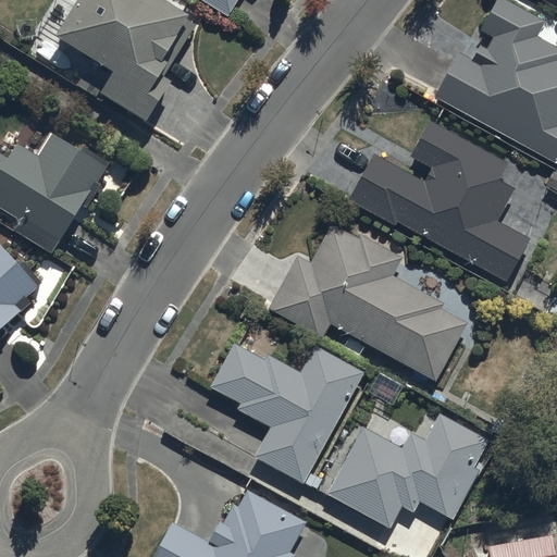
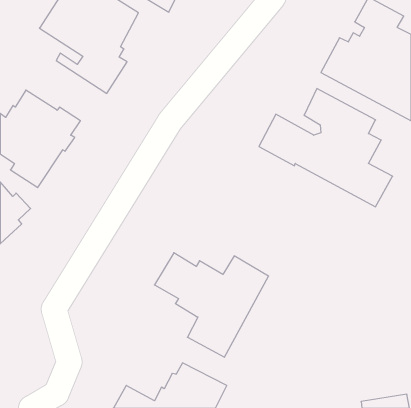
building: [268,223,467,381] -> none
building: [327,411,490,527] -> none

